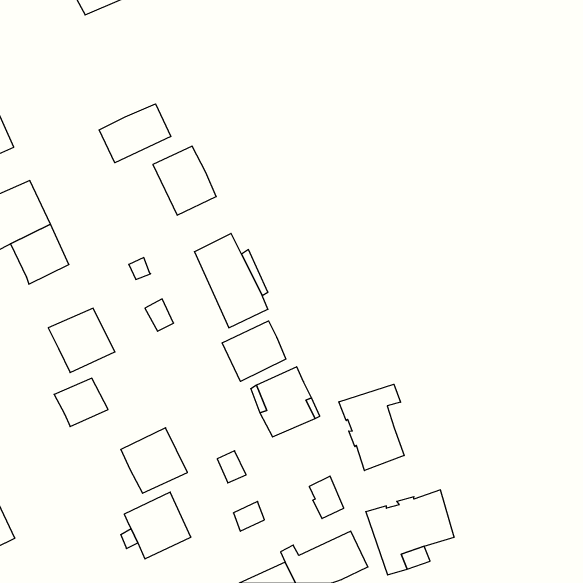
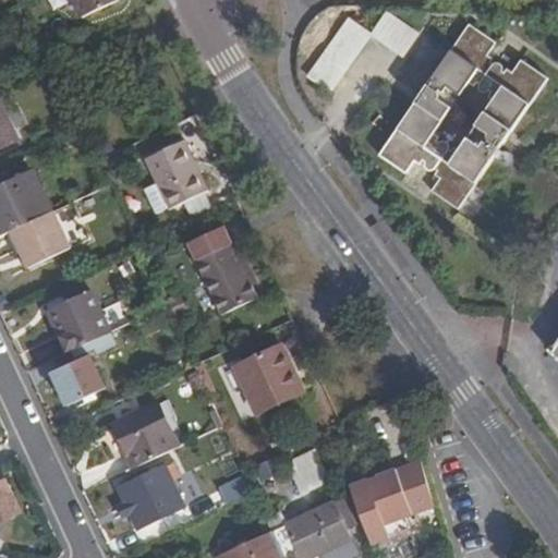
building: none -> [308,9,413,92]
building: none -> [379,21,545,204]
building: [99,104,171,163] -> none
building: [222,321,286,381] -> none
building: [339,384,404,471] -> none

